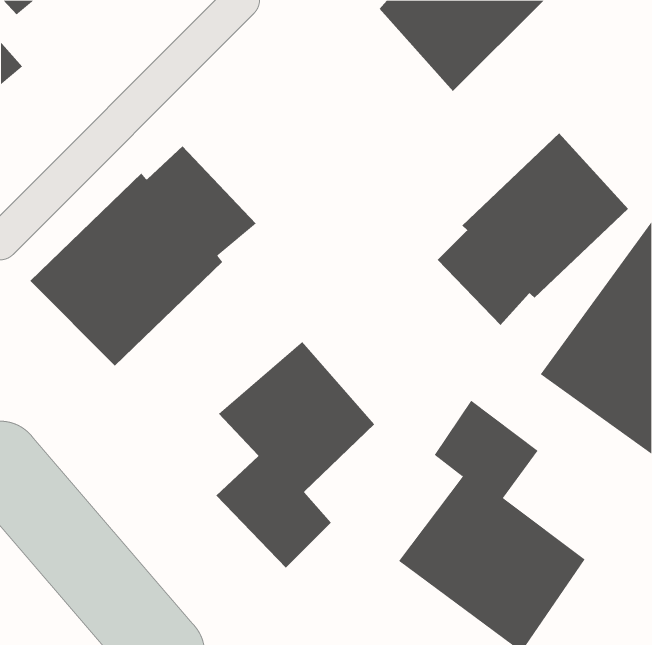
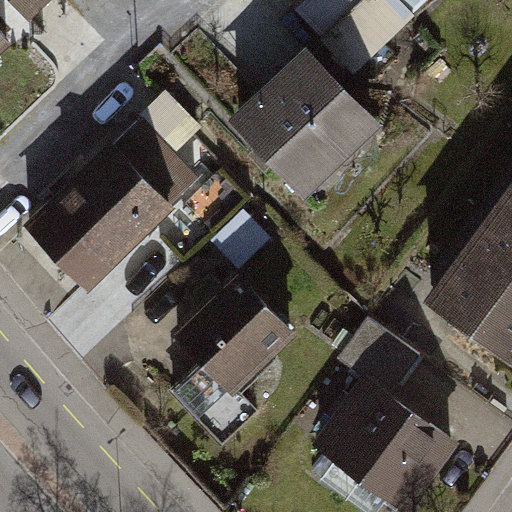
building: none -> [228,46,384,202]
building: [437,133,629,326] -> none

